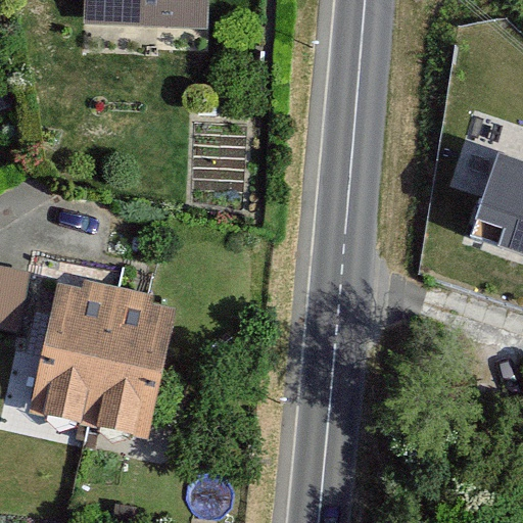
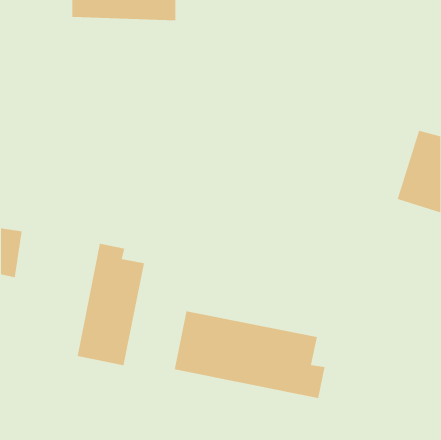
building: [34,282,117,422] -> none
building: none -> [174,310,325,399]

